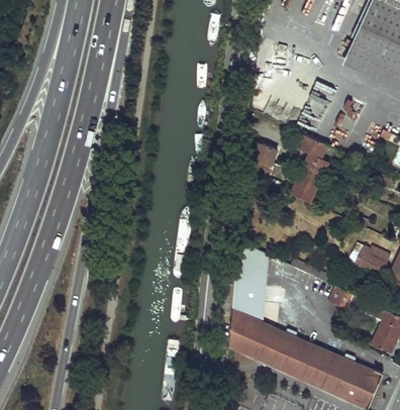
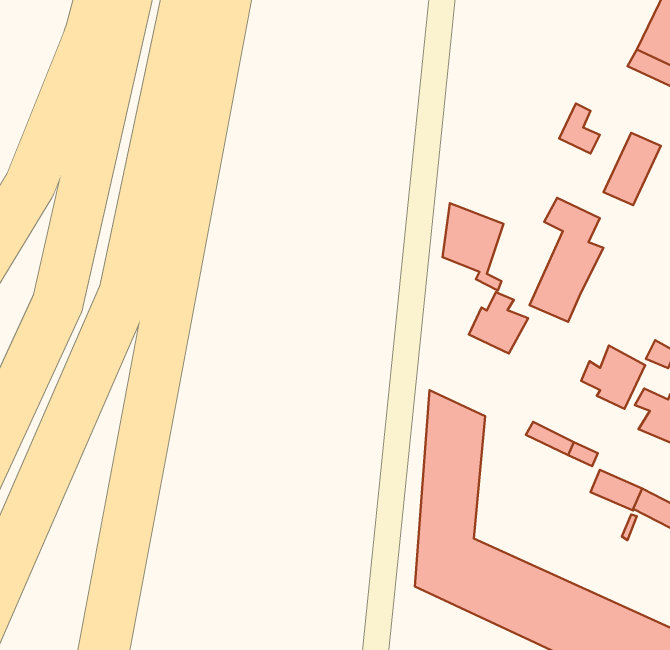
building: none -> [469,292,528,354]
building: none -> [581,345,645,409]

